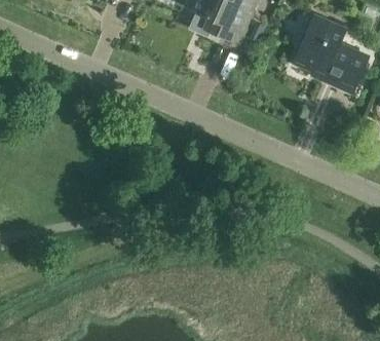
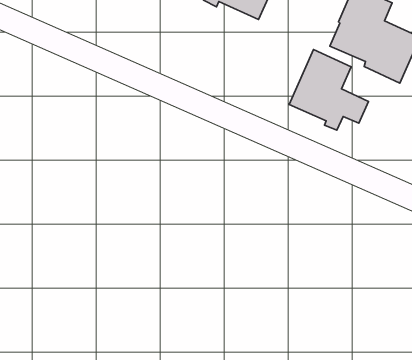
building: none -> [289,50,369,130]

